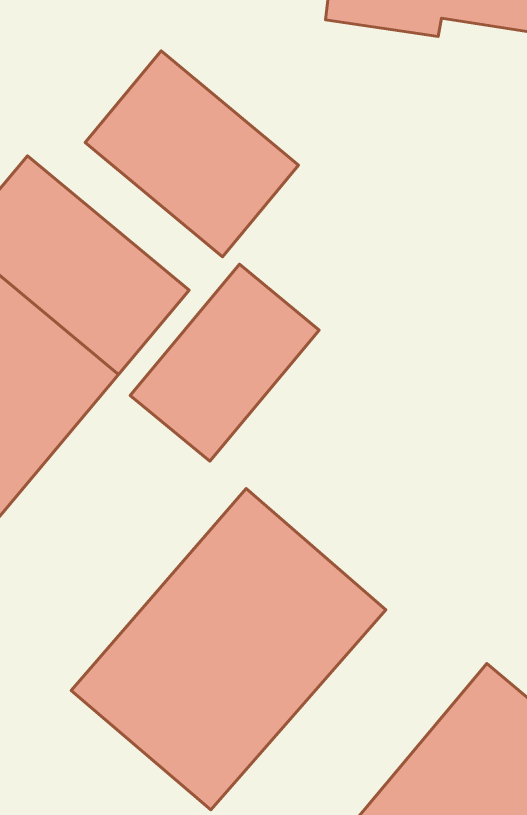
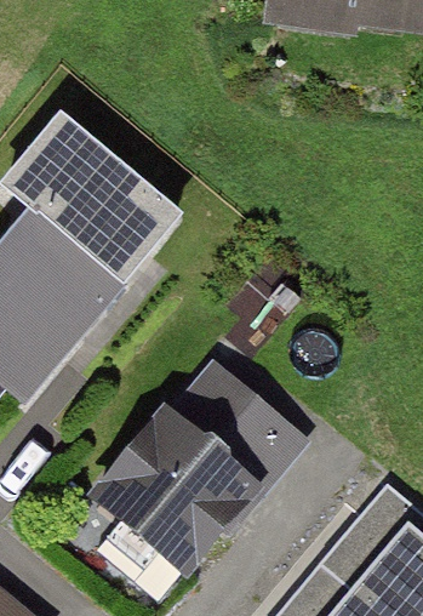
building: [85,51,299,257] -> none
building: [130,264,319,461] -> none

